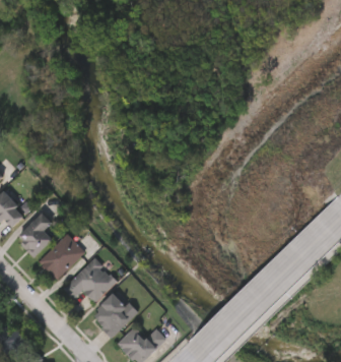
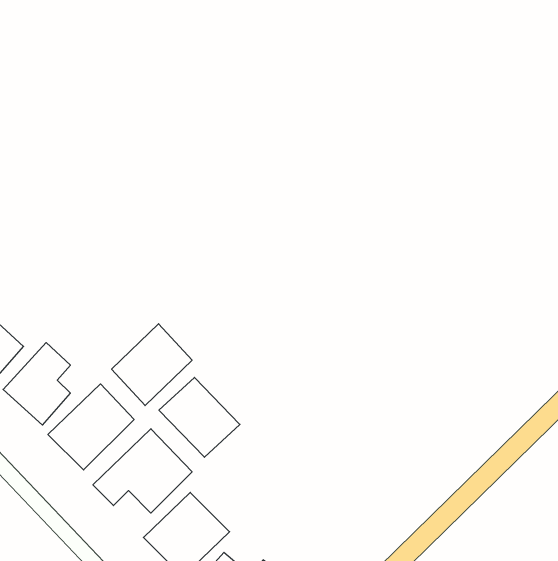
building: none -> [112,324,192,406]
building: none -> [159,377,240,457]

